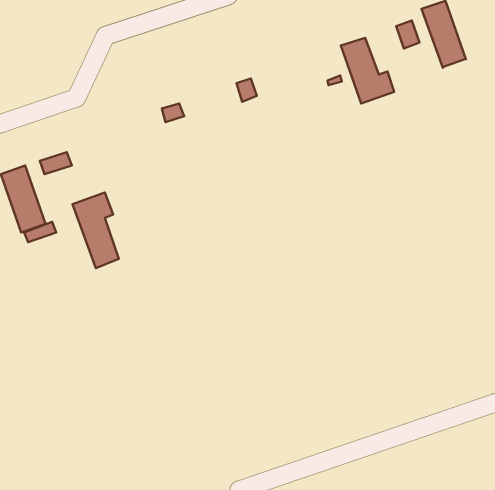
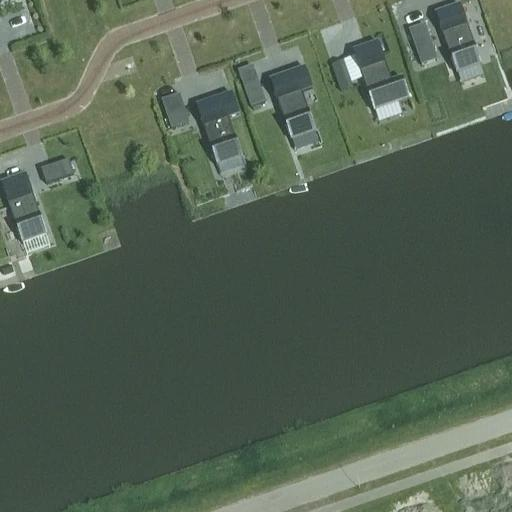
building: none -> [269,64,315,136]
building: none -> [197,90,243,163]
building: [73,193,119,268] -> none

